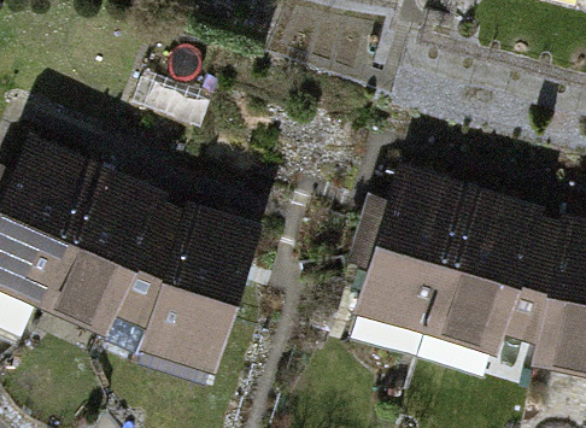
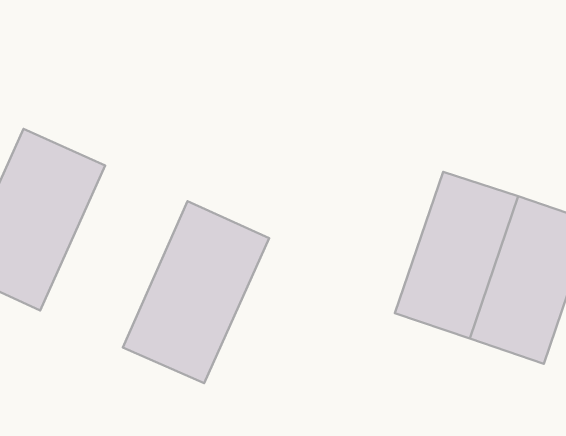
building: [42,166,182,339] -> none

